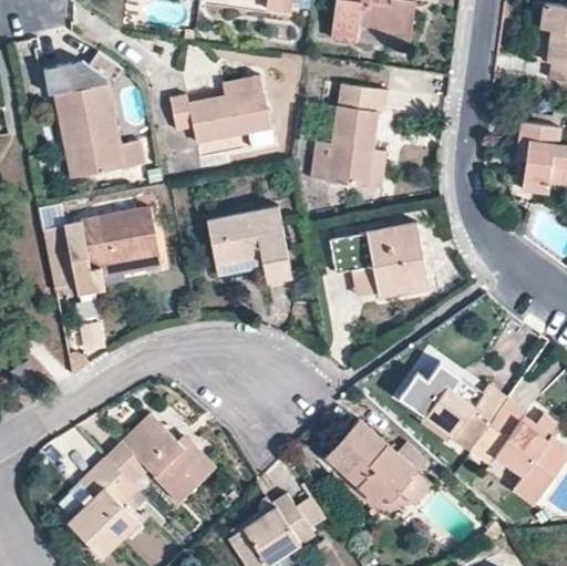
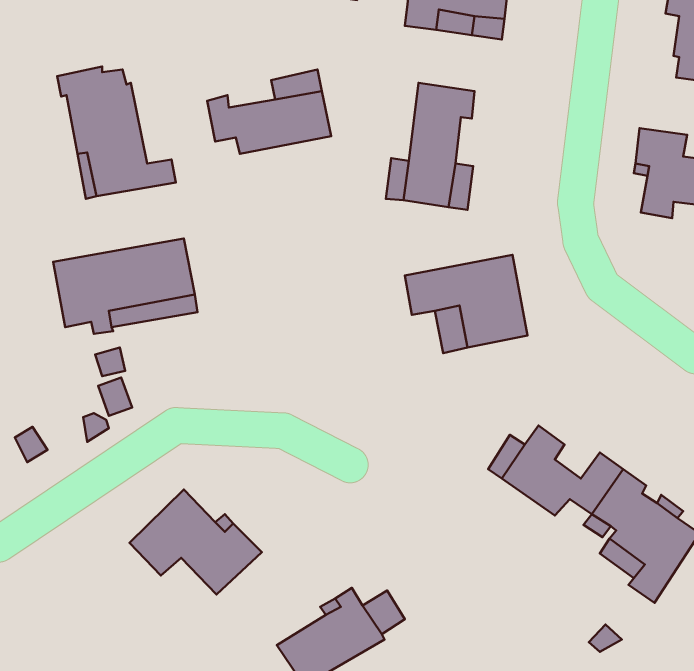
building: [209,207,297,285] -> none
building: [327,420,431,505] -> none
building: [69,456,138,556] -> none

